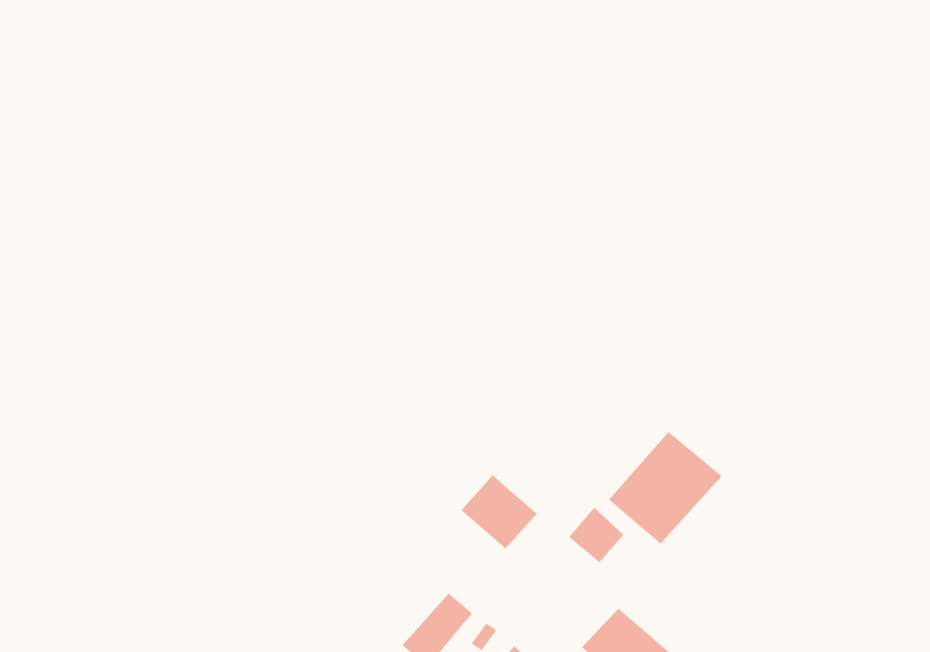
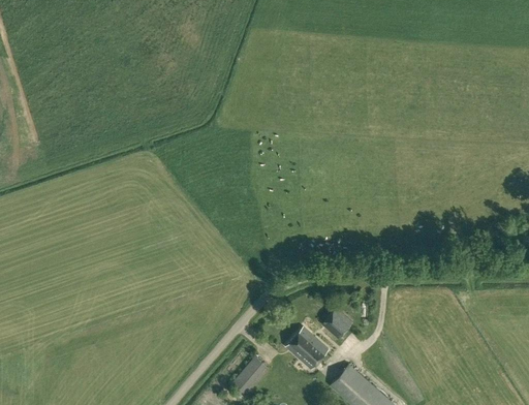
building: [608,431,722,544] -> none
building: [461,475,537,549] -> [287,328,330,369]

